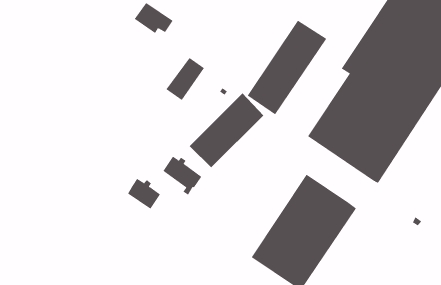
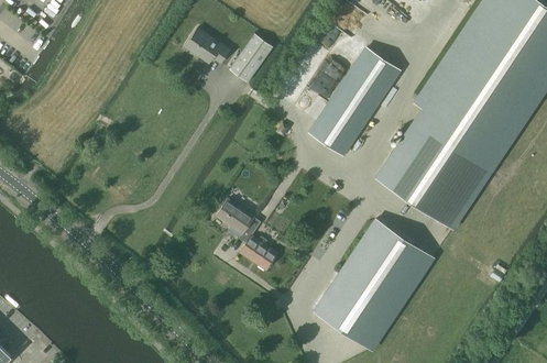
building: [165,57,205,101] -> [228,34,272,82]
building: [189,92,264,168] -> none
building: [127,178,161,209] -> [239,234,276,270]

